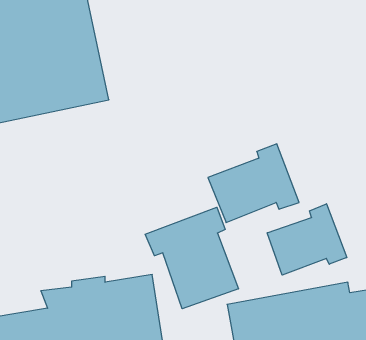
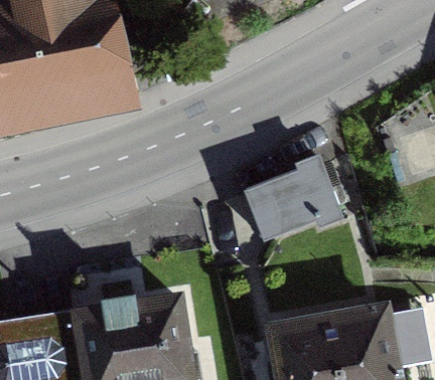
building: [267,204,347,275] -> none
building: [145,207,238,309] -> none

